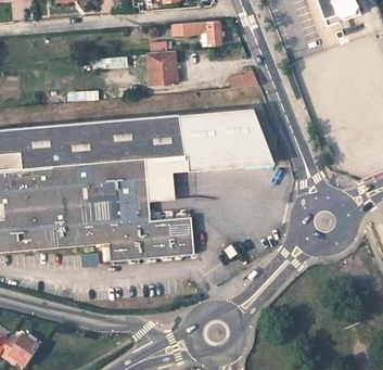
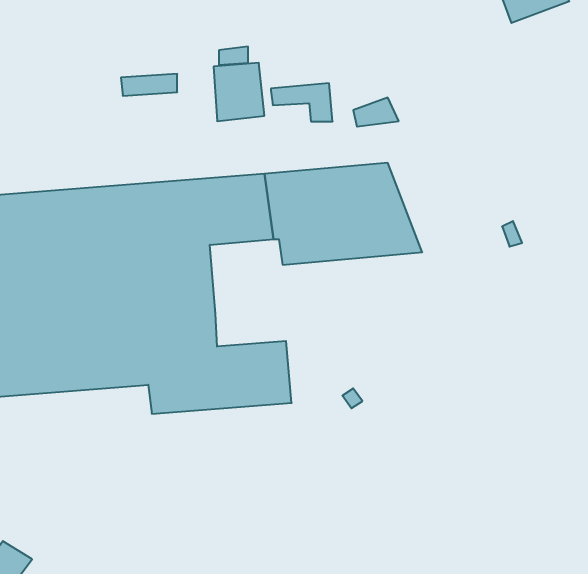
building: [184,21,221,43] -> [271,83,333,121]
building: [145,155,189,200] -> none

